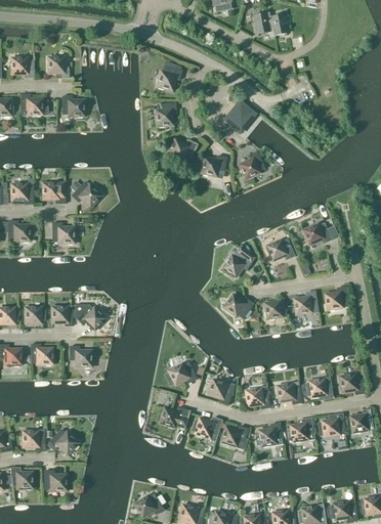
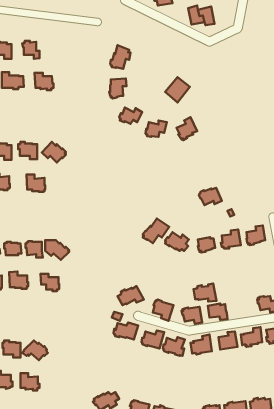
building: [303,222,332,244] -> none
building: [223,246,256,276] -> [143,219,169,243]
building: [305,376,334,398] -> [193,284,216,302]

